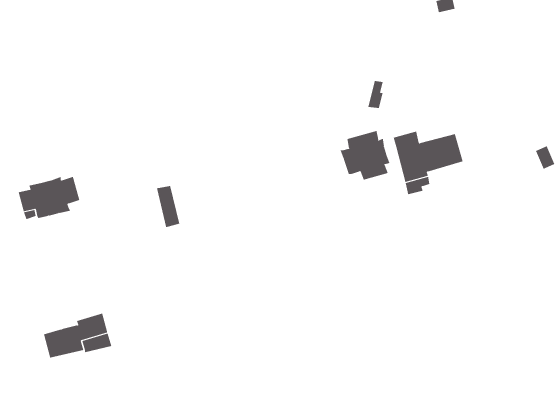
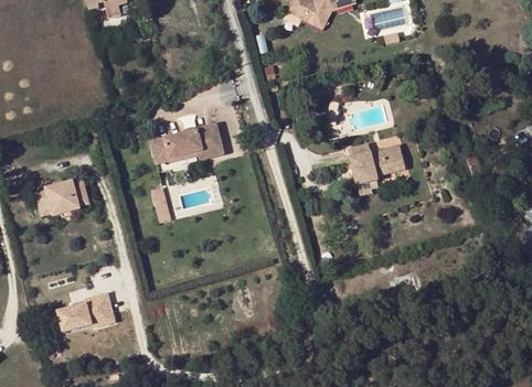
building: none -> [151,122,224,164]
building: [340,130,390,181] -> none

